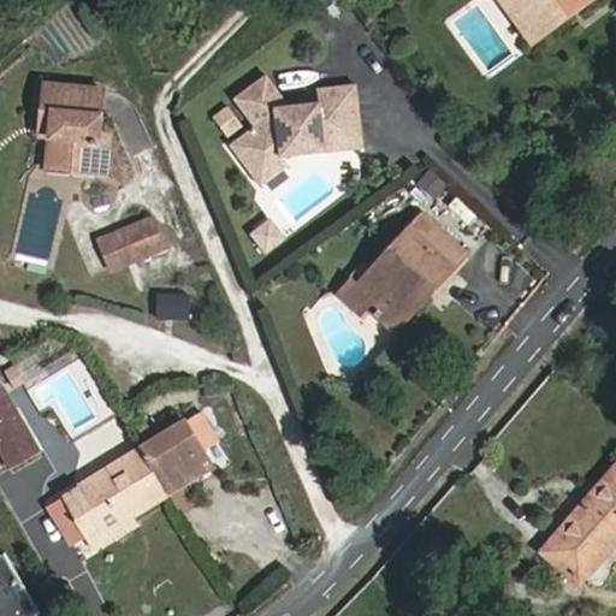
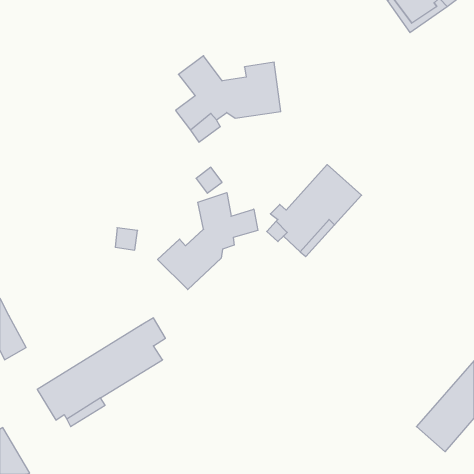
building: [35,87,102,176] -> none
building: [97,219,164,270] -> none
building: none -> [158,193,258,290]

